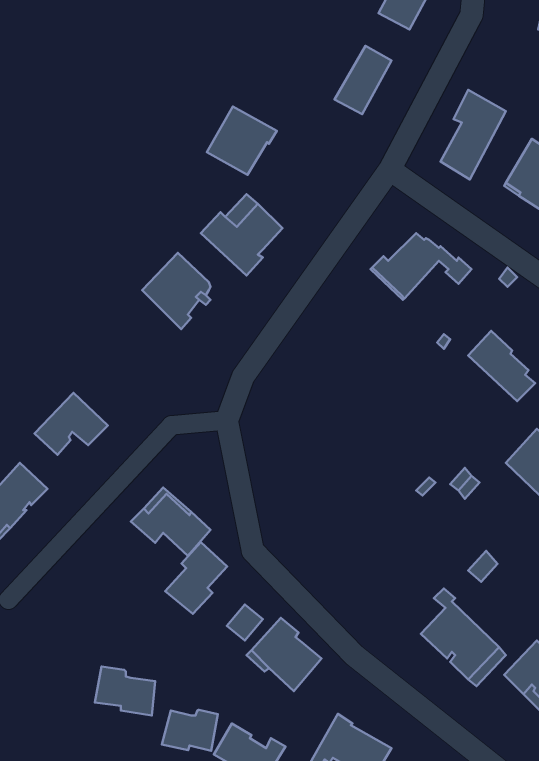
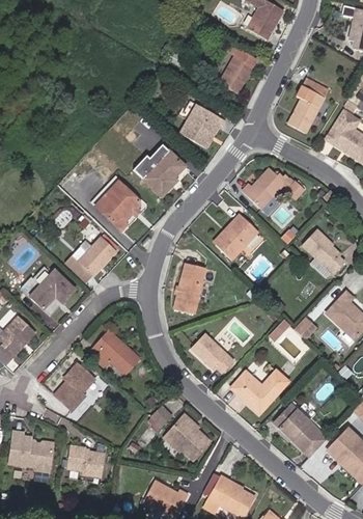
building: [207,106,277,175] -> [179,103,224,146]
building: none -> [218,214,258,258]
building: none -> [72,238,115,275]
building: none -> [174,262,205,312]
building: none -> [192,333,233,372]
building: [165,542,227,614] -> [55,362,94,408]
building: none -> [231,370,289,413]
building: none -> [10,430,53,466]
building: [162,710,218,751] -> none

